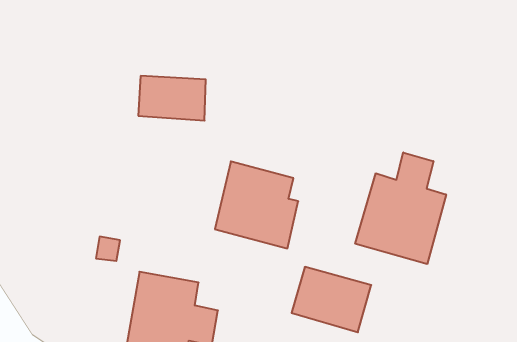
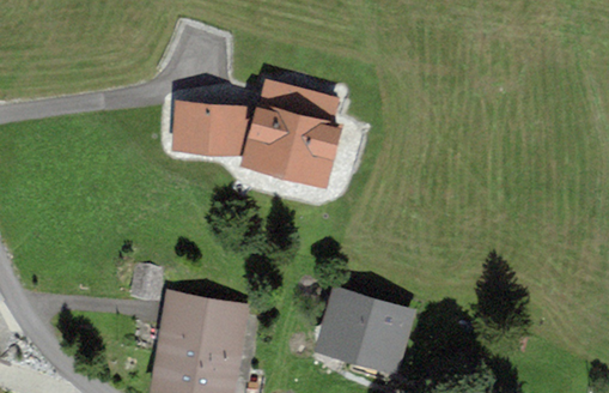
building: [355,152,446,264] -> none
building: [215,161,298,248] -> [249,89,331,175]

